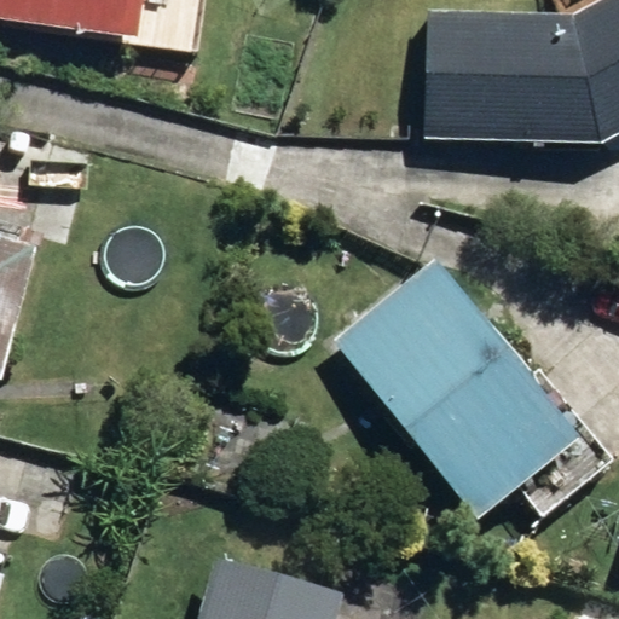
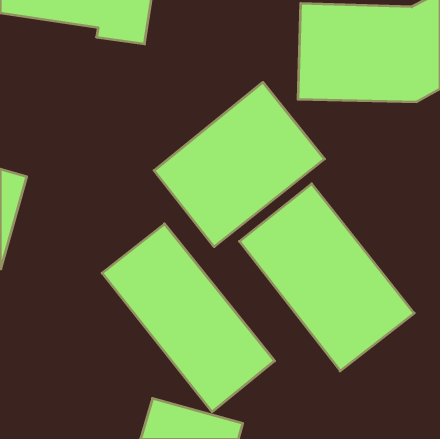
building: none -> [154,82,325,247]
building: none -> [102,224,275,412]

